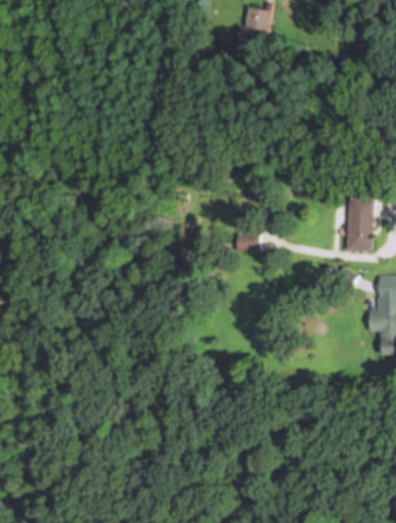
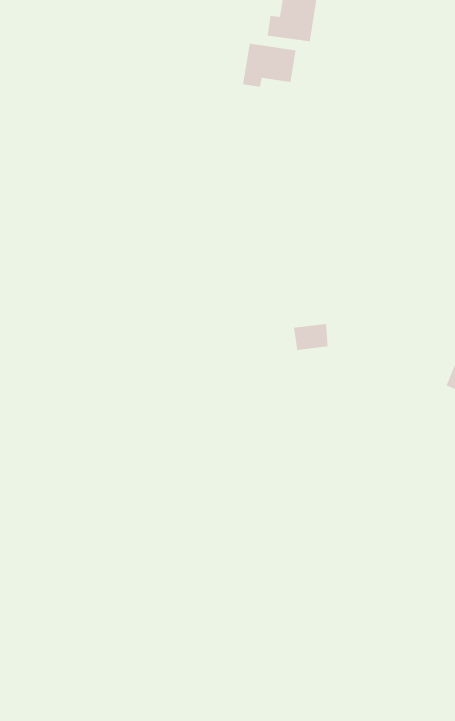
building: none -> [242,43,296,87]

